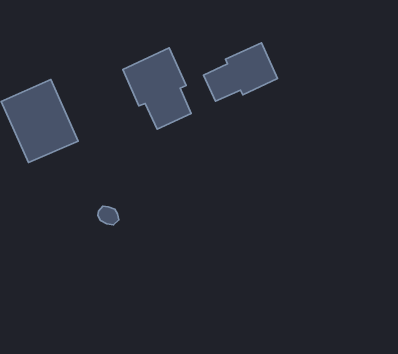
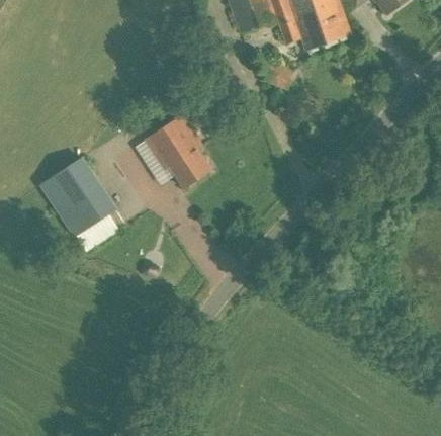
building: [204,43,277,101] -> none

